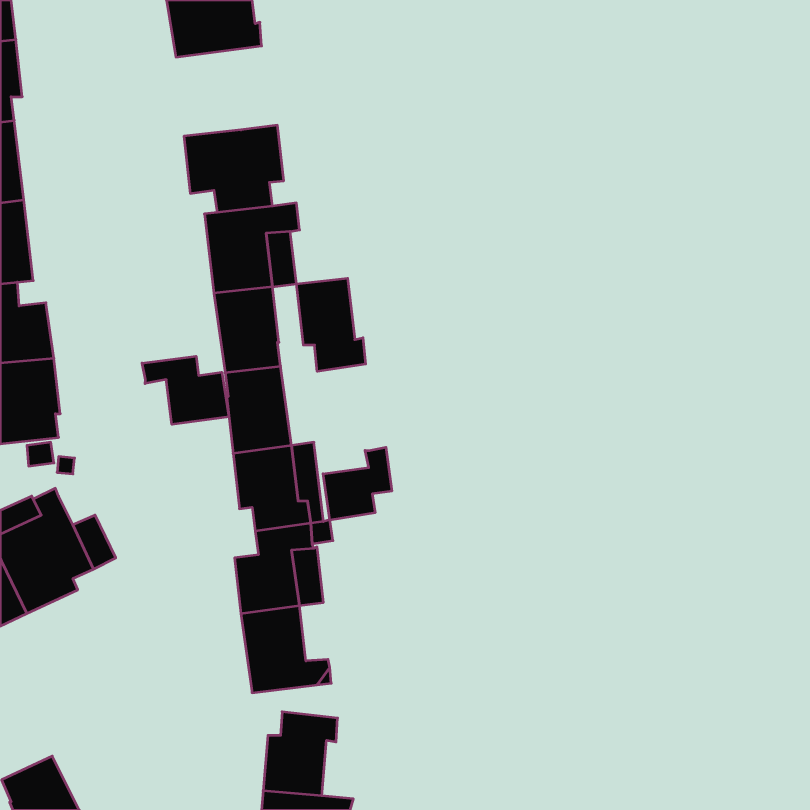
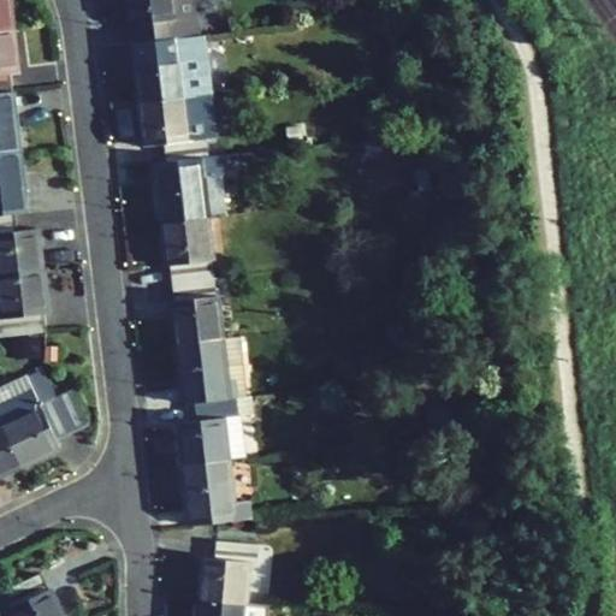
building: none -> [134,35,211,103]
building: [296,278,366,371] -> none
building: [142,356,229,424] -> none
building: [323,447,392,520] -> none

